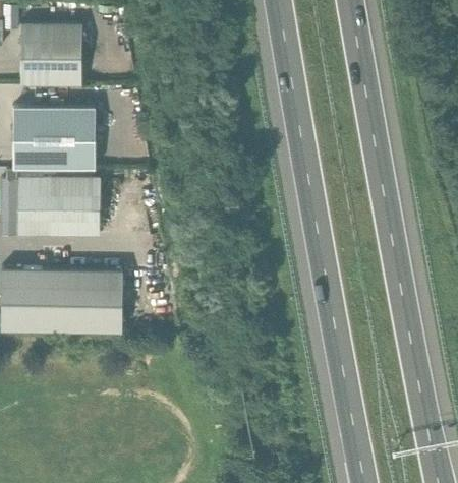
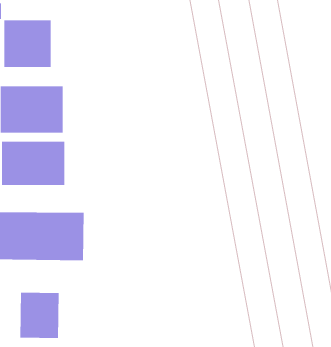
building: none -> [20,292,59,339]

